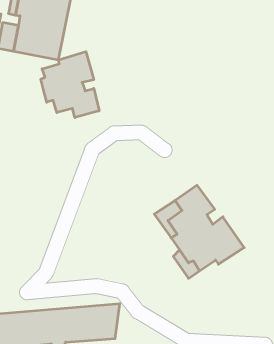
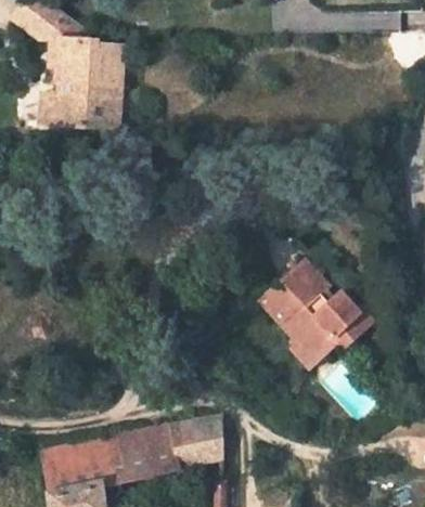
building: [41,52,99,118] -> none

